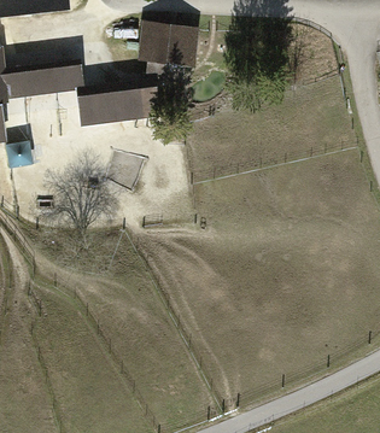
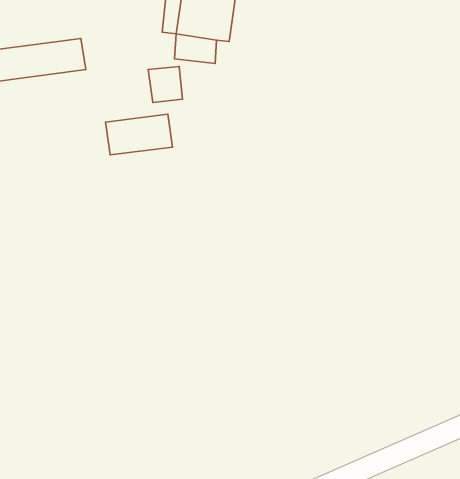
building: [82,88,134,119] -> [106,114,173,155]

